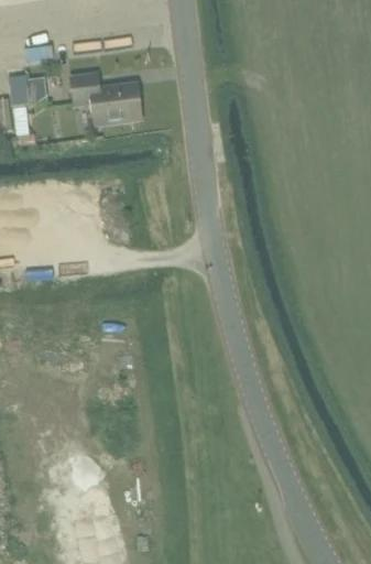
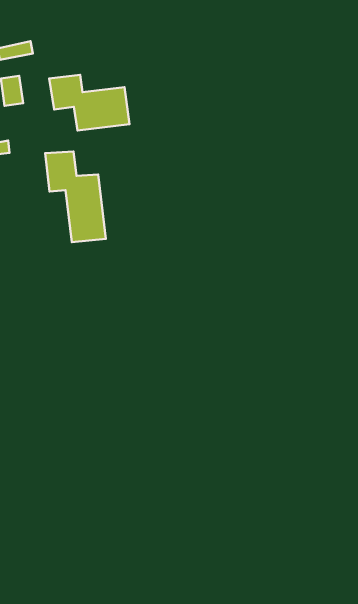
building: none -> [45,151,106,242]

